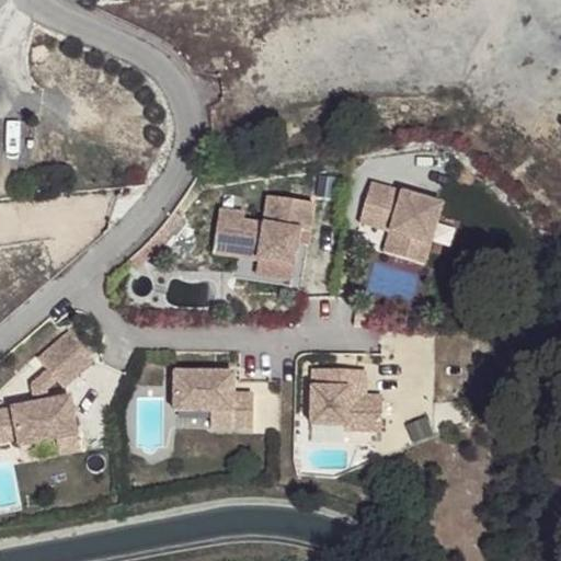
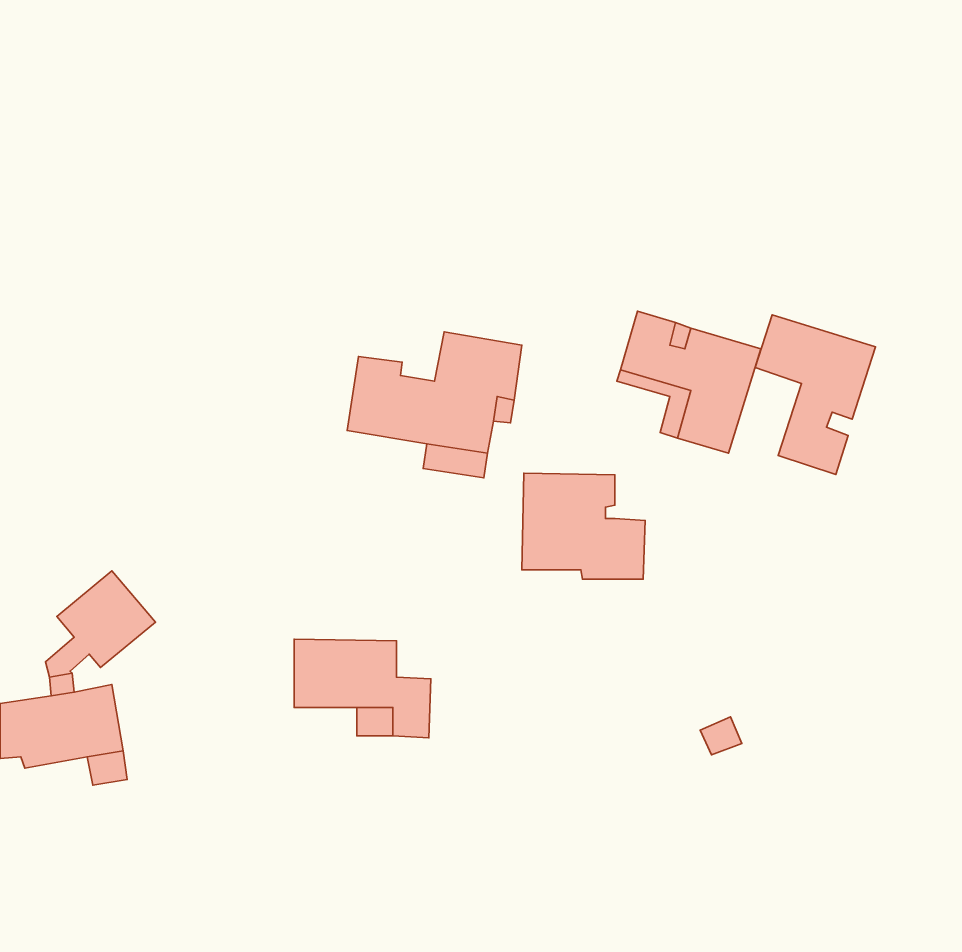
building: none -> [755,315,875,474]
building: [311,367,382,428] -> [522,473,645,579]

